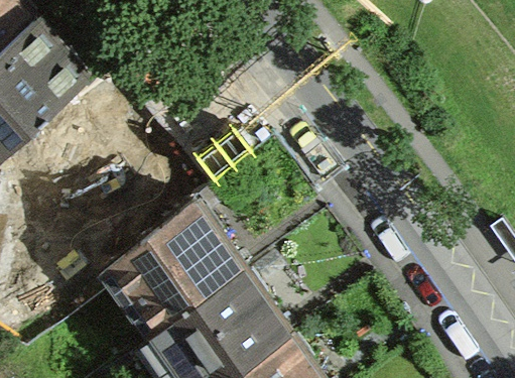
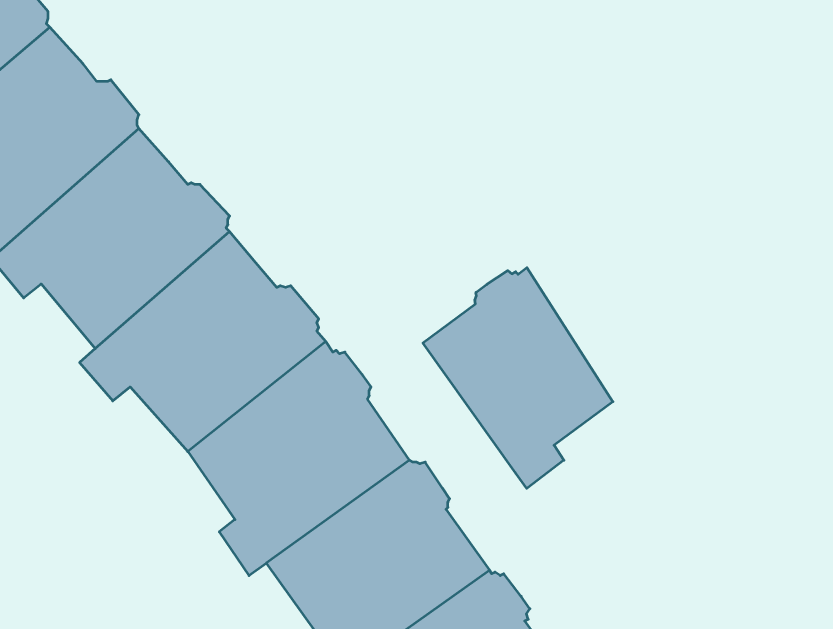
building: none -> [423,268,613,488]

